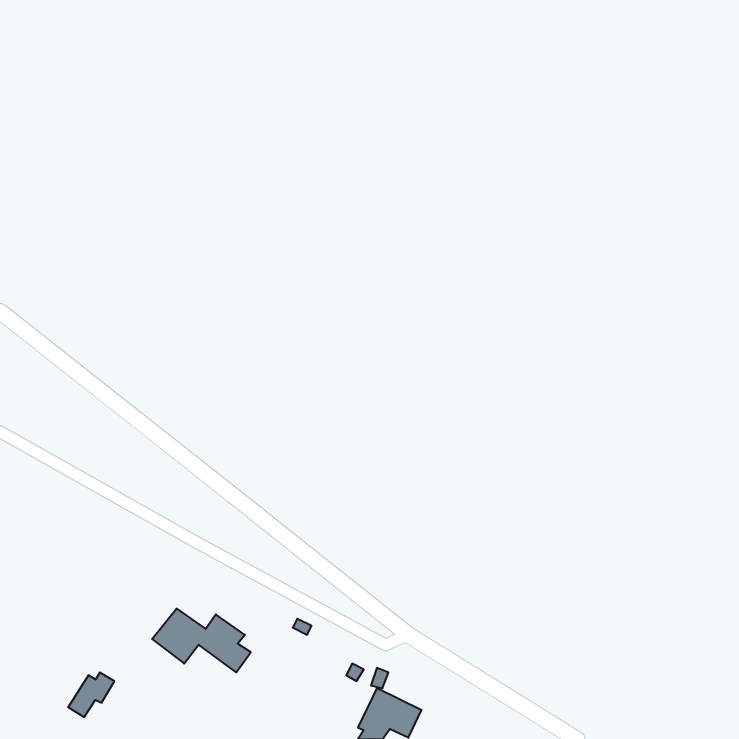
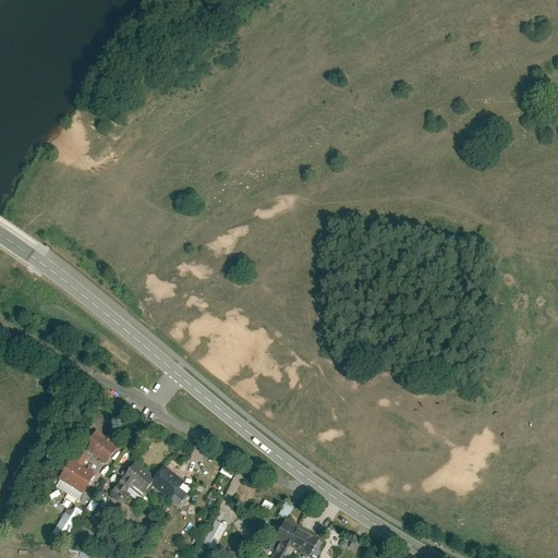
building: none -> [83,428,118,462]
building: none -> [58,456,96,492]

